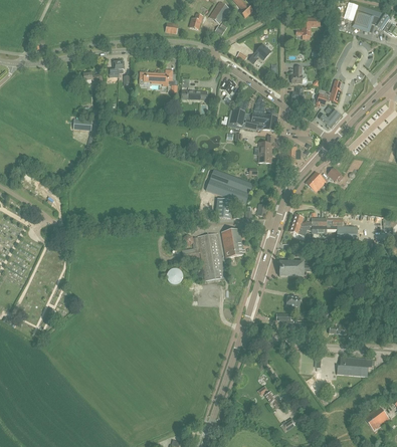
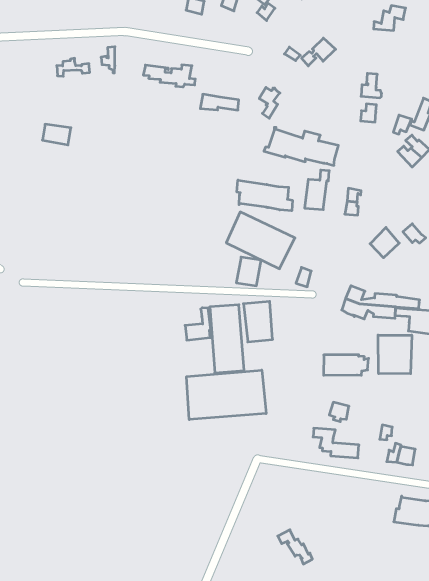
building: none -> [237,180,292,211]
building: none -> [378,335,412,374]
building: none -> [187,370,266,420]

